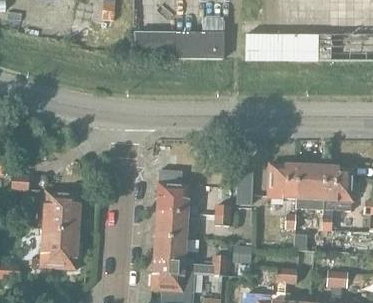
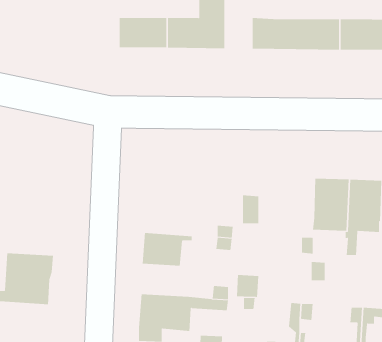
building: [268,164,297,198] -> none
building: [156,169,197,213] -> none
building: [42,190,82,229] -> none
building: [153,236,193,263] -> none

